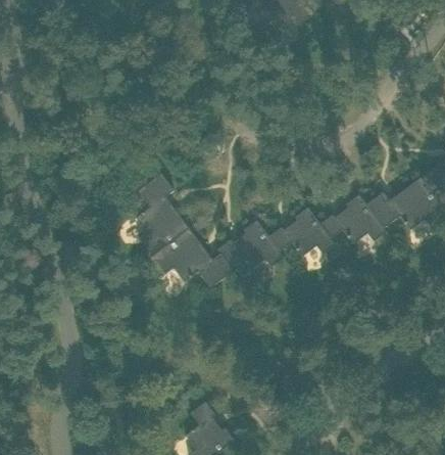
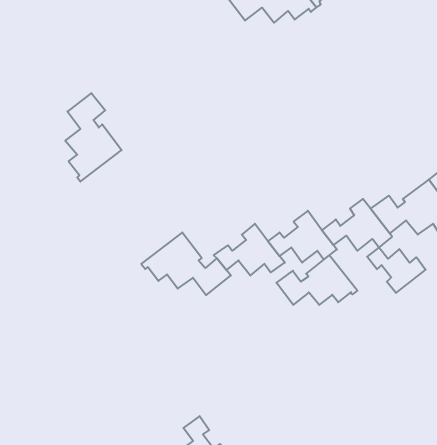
building: [135,173,188,257] -> [65,93,122,182]
building: none -> [367,247,426,293]
building: none -> [276,255,357,305]

